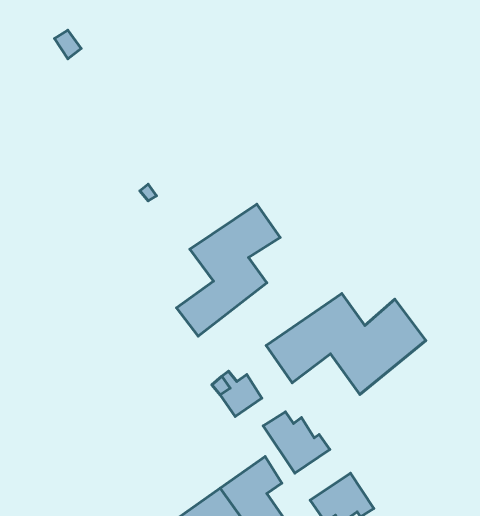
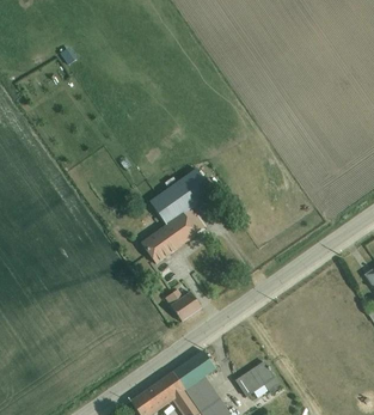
building: [266,293,426,395] -> none
building: [263,412,330,473] -> none

